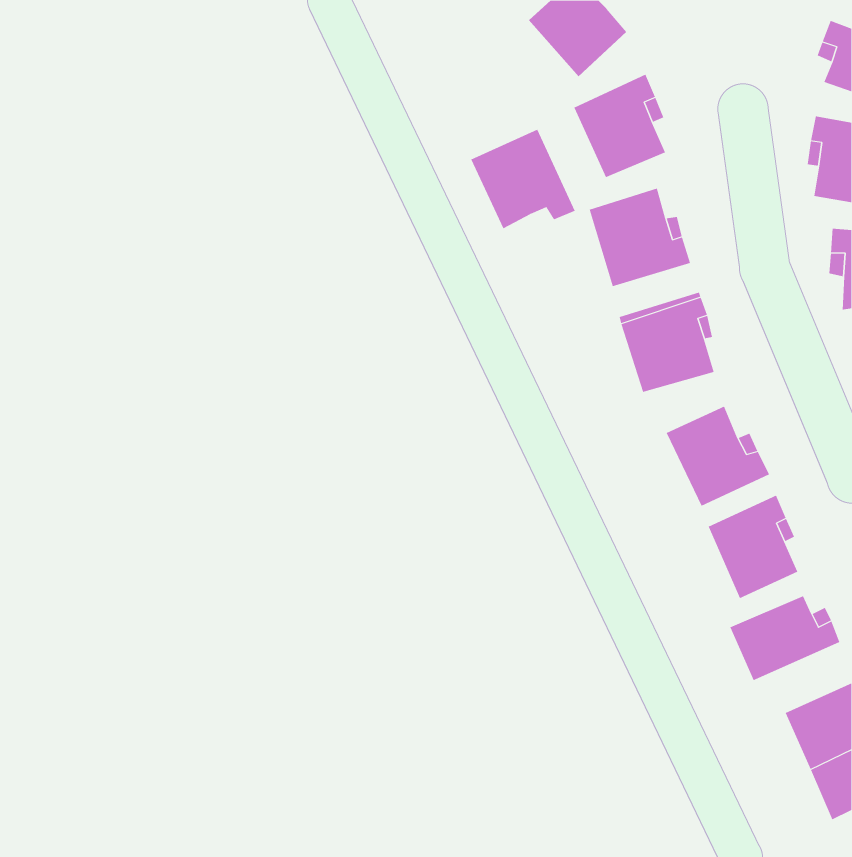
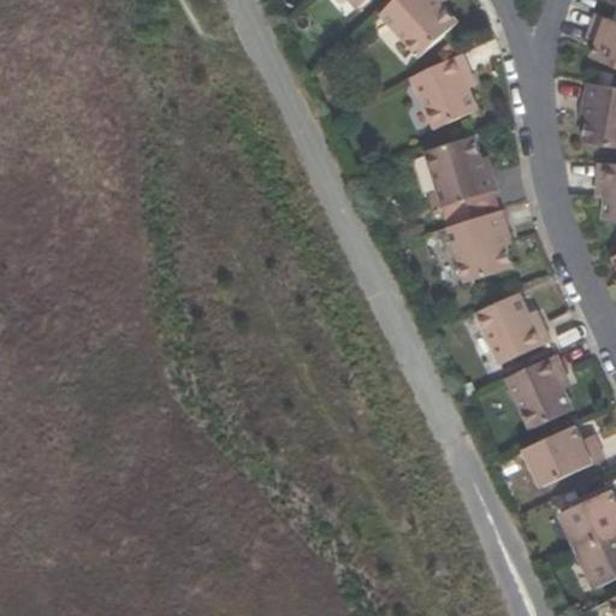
building: [471,129,576,229] -> none

